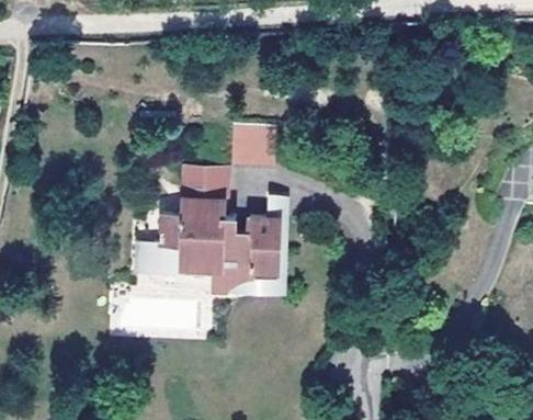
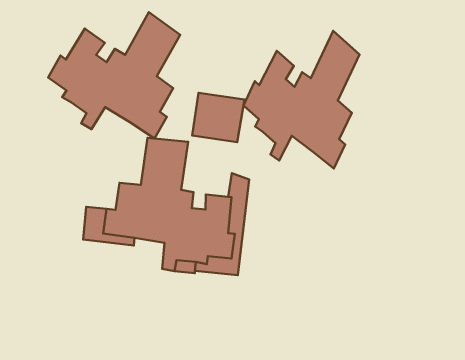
building: none -> [48,12,180,139]
building: none -> [244,31,359,169]

